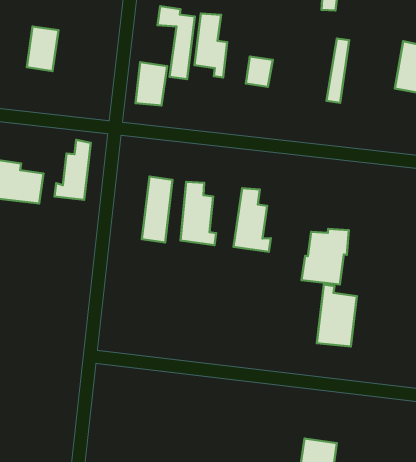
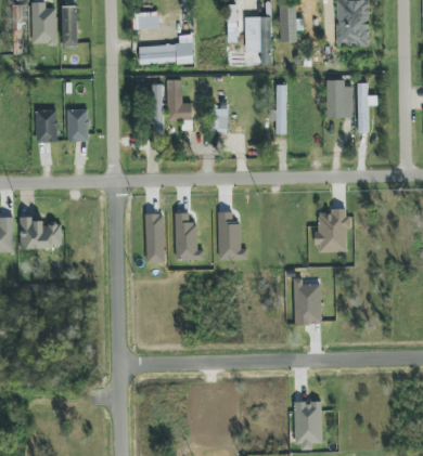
building: [136,62,167,106] -> [67,109,89,142]
building: [55,140,91,200] -> none
building: [301,229,349,284] -> [317,208,349,252]

